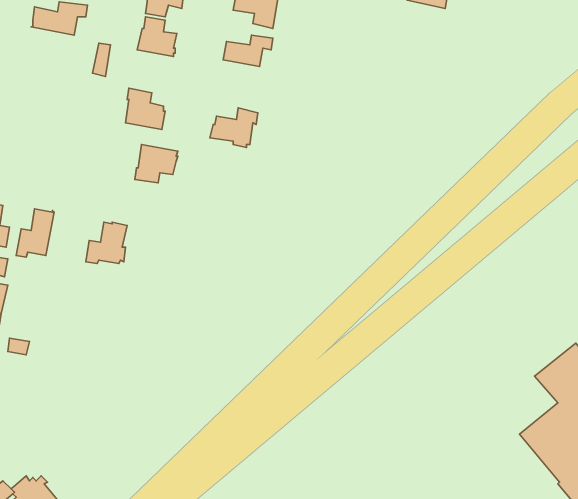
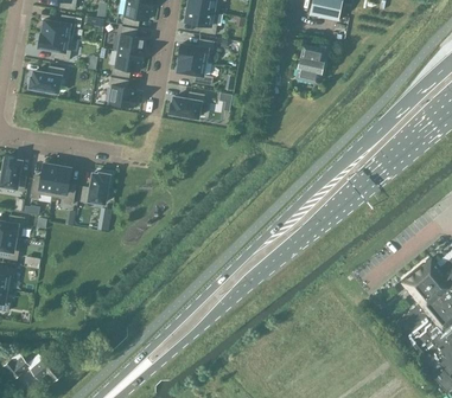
building: none -> [39,34,72,60]
building: none -> [297,45,325,83]
building: none -> [178,58,214,86]
building: none -> [30,68,64,95]
building: [135,145,178,183] -> [113,51,144,78]
building: none -> [52,167,76,205]

